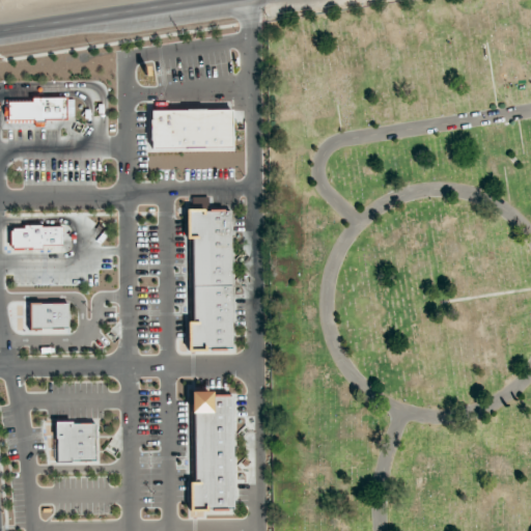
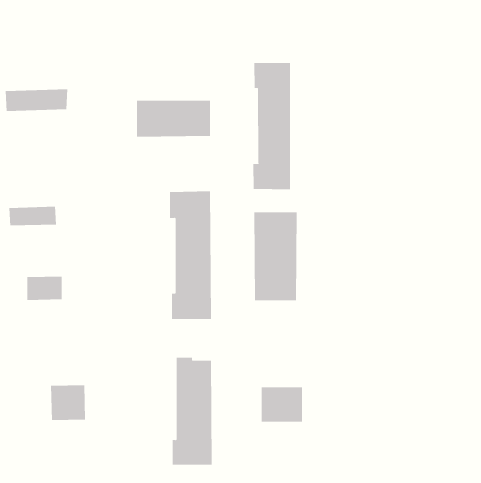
building: none -> [253,62,291,190]
building: none -> [254,211,297,301]
building: none -> [261,386,302,422]

